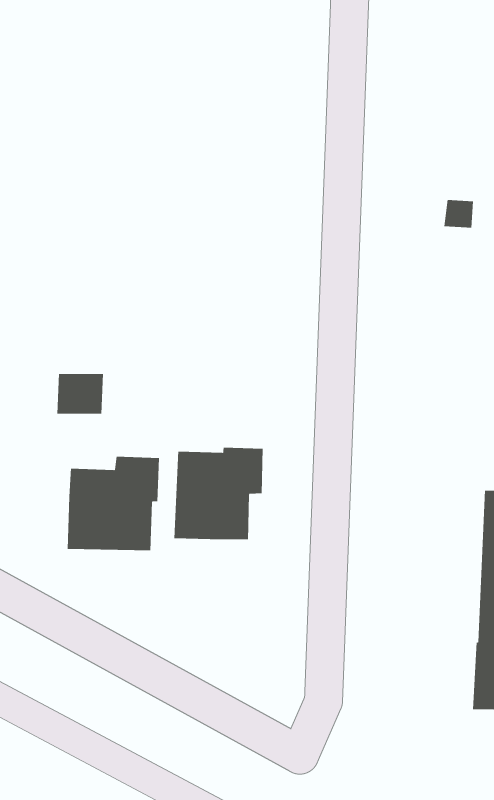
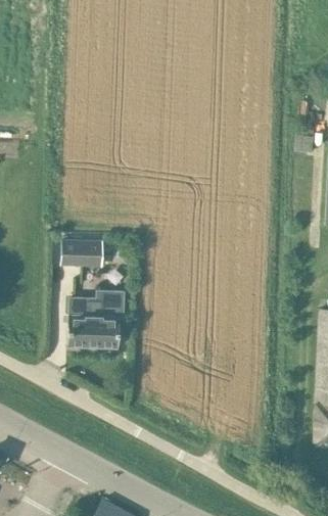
building: [174,447,263,540] -> none

